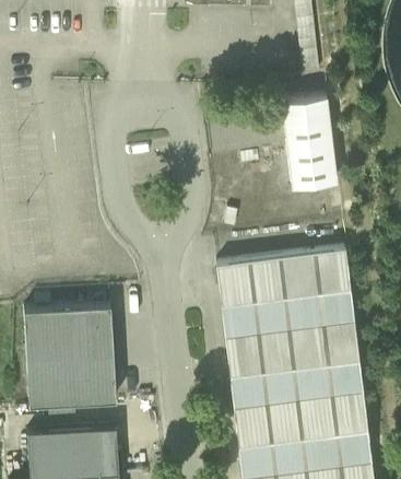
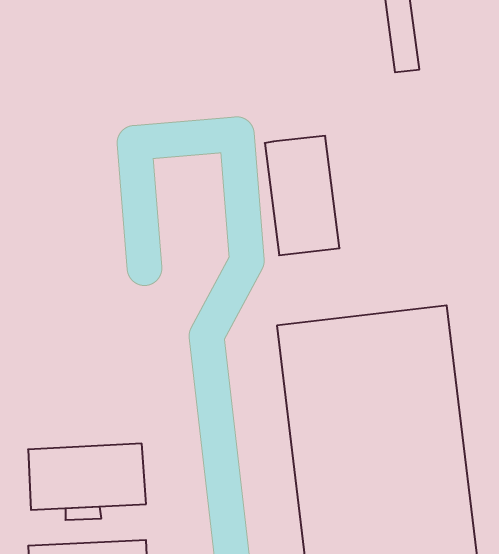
building: [281,96,338,187] -> [265,136,340,255]
building: [24,304,114,359] -> none

